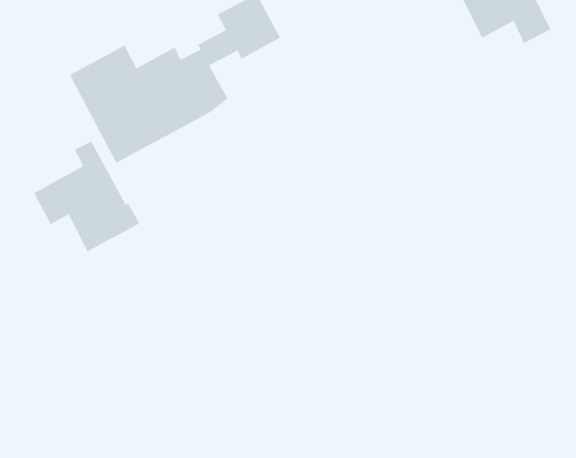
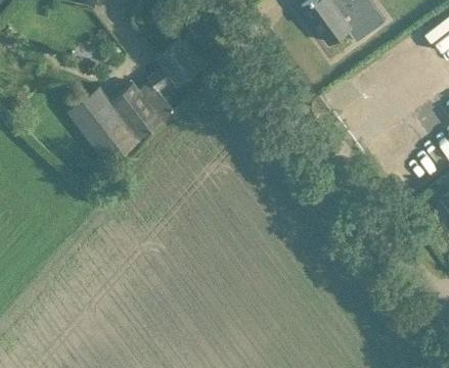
building: [34,141,140,252] -> none

